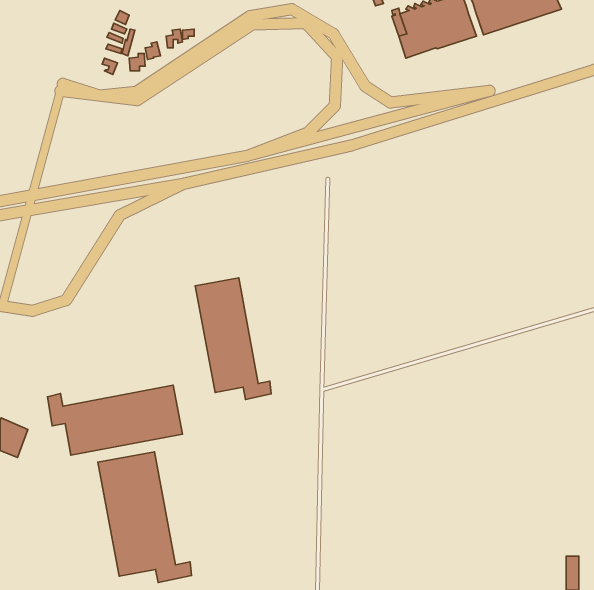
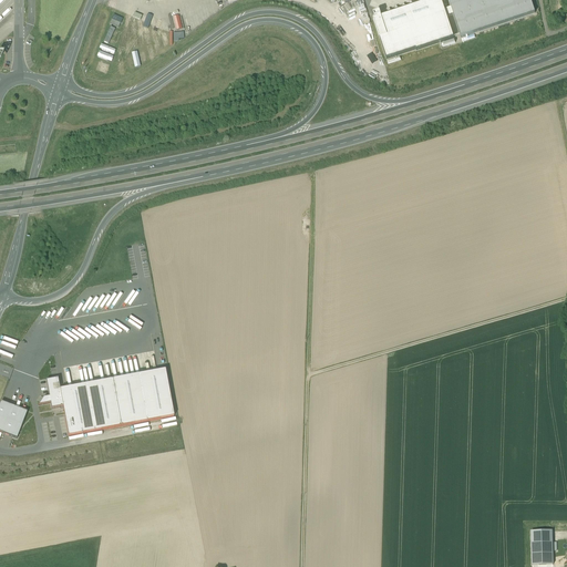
building: [195,278,271,399] -> none
building: [98,452,192,582] -> none

